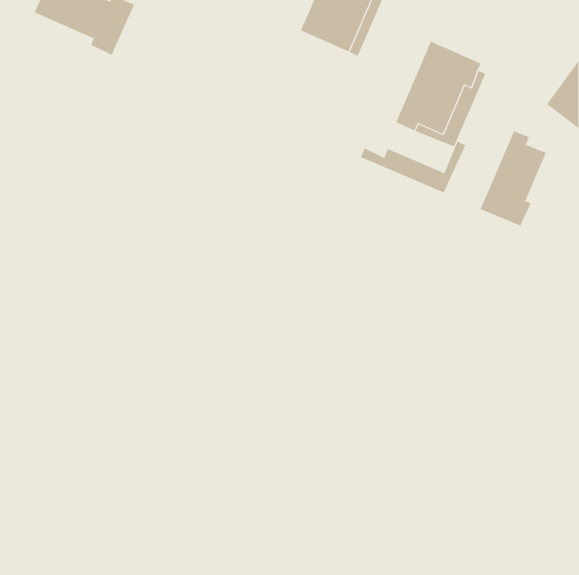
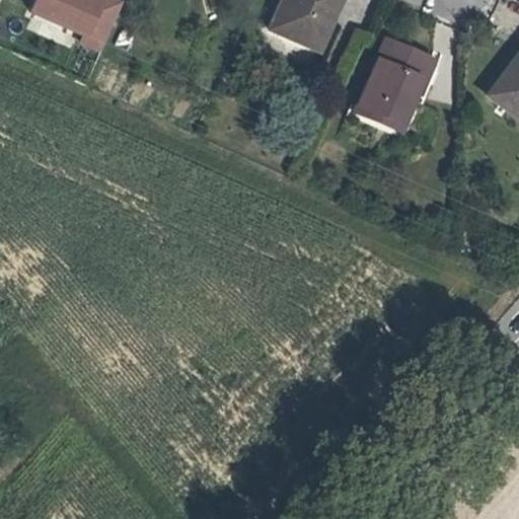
building: [480,131,547,227] -> none
building: [360,141,466,193] -> none

